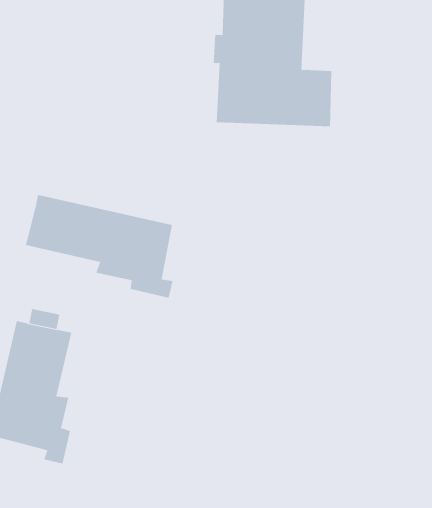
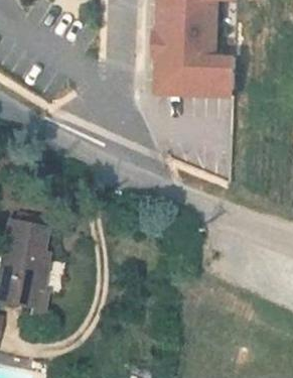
building: [25,194,173,299] -> none

